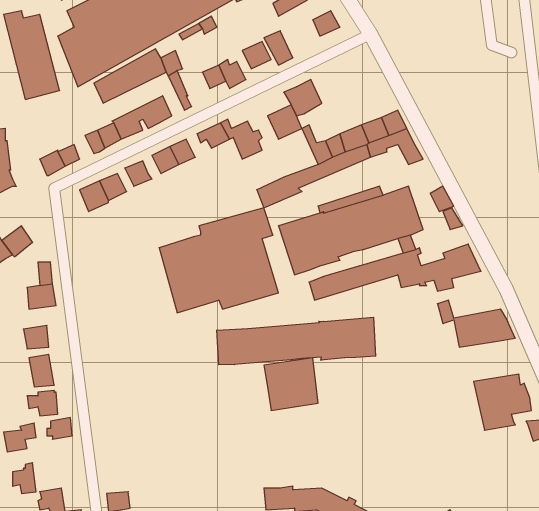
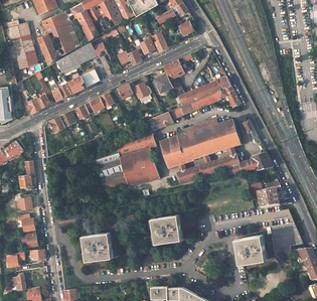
building: [217,317,376,365] -> none
building: none -> [83,233,112,261]
building: none -> [234,234,266,264]

